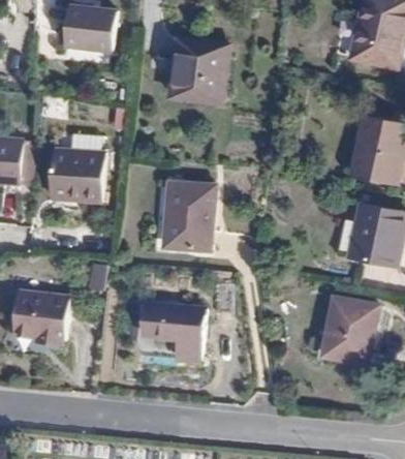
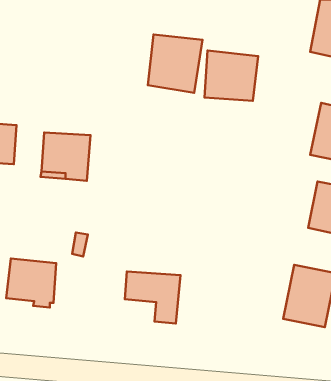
building: [64,6,116,50] -> none
building: none -> [205,51,258,101]
building: [165,182,215,251] -> none

